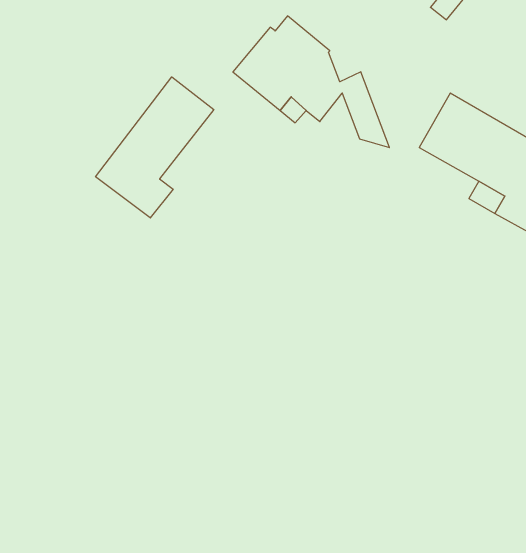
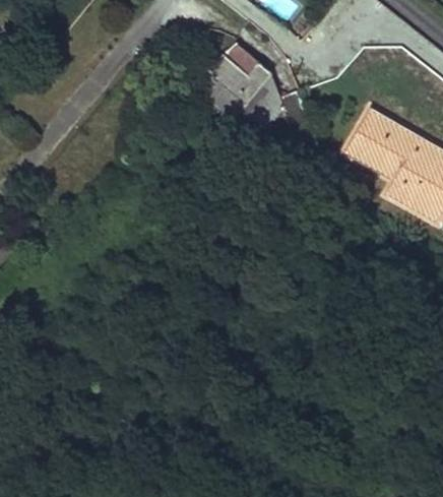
building: [96,77,214,218] -> none

